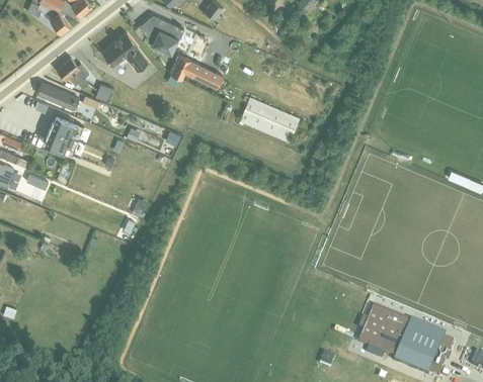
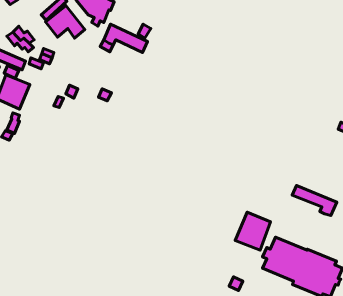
building: [238,96,299,141] -> none
building: none -> [292,185,337,215]
building: none -> [235,212,271,250]

